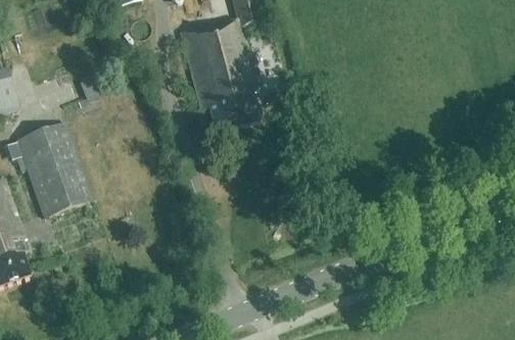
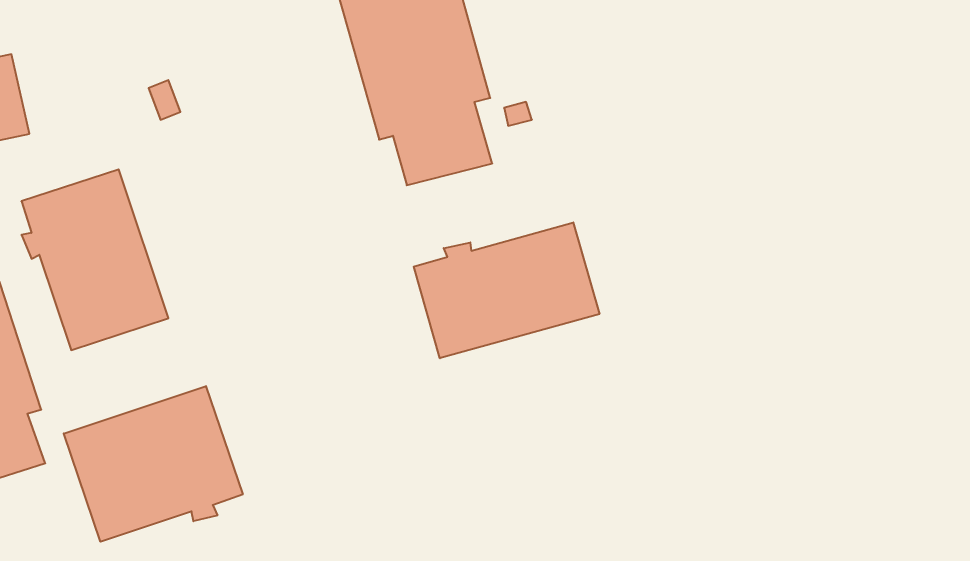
building: none -> [414,222,599,358]
building: none -> [64,386,243,542]

